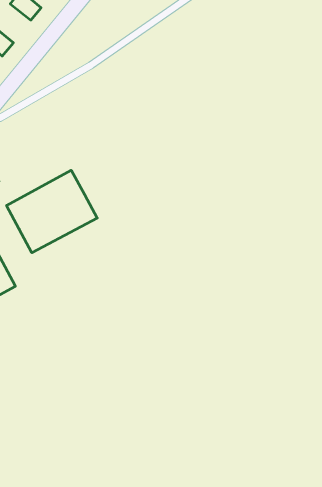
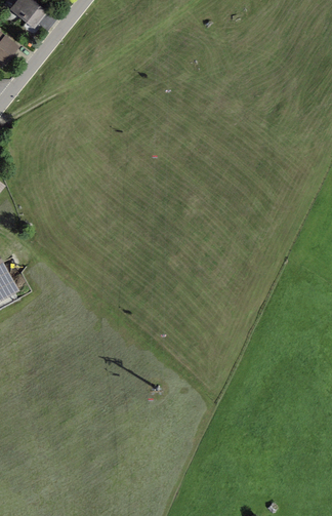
building: [7,170,97,253] -> none

